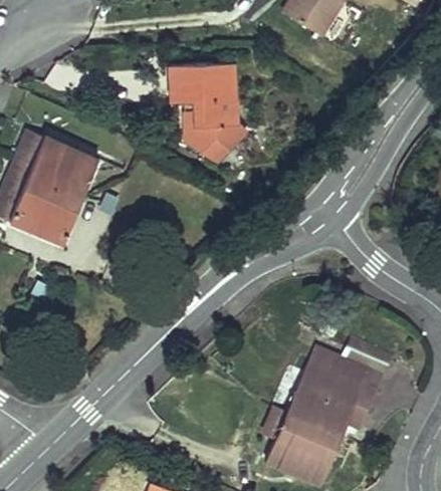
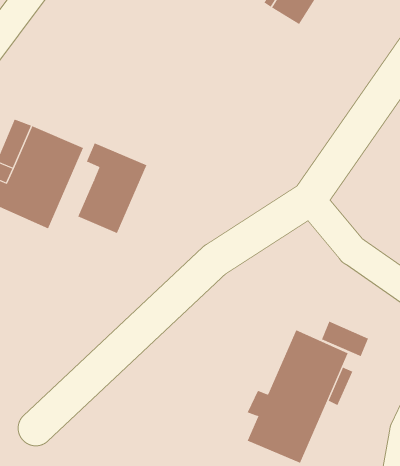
building: [169,62,247,161] -> none
building: none -> [78,143,147,234]

